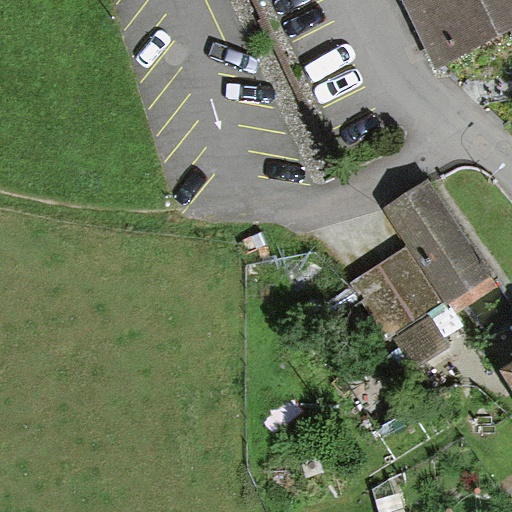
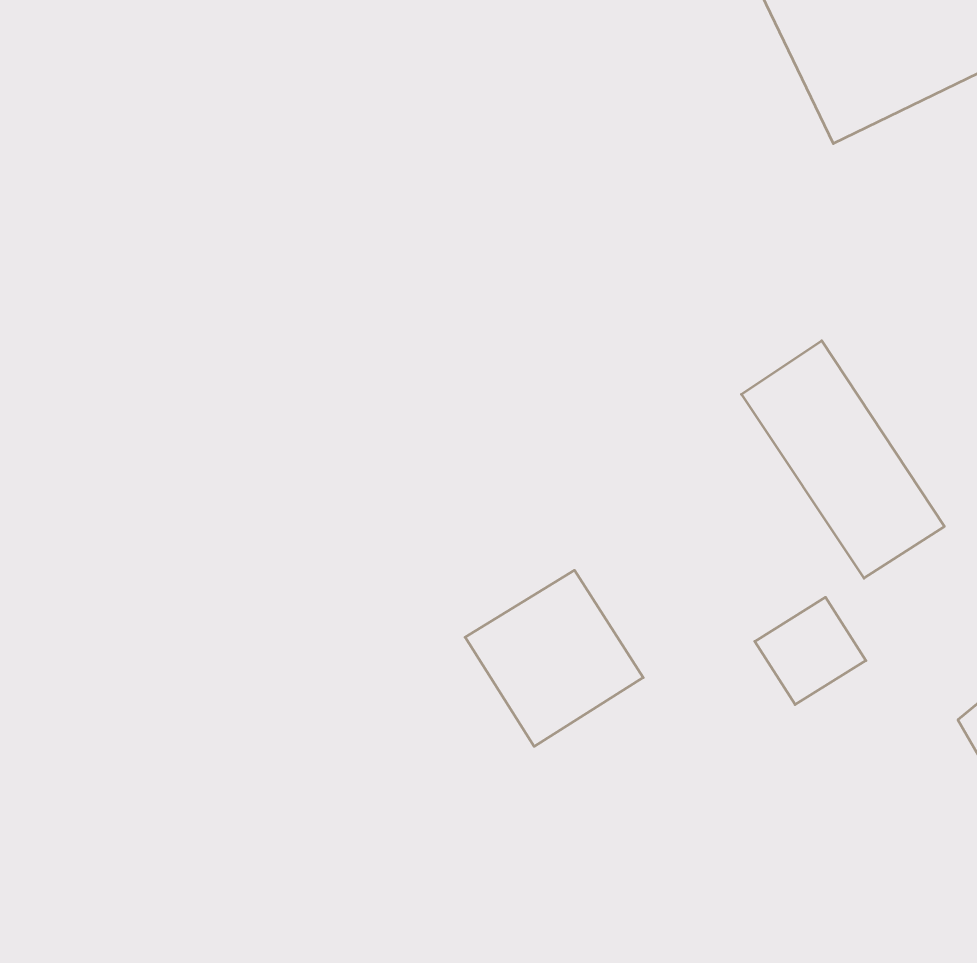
building: [350,243,443,335] -> [465,570,643,746]

